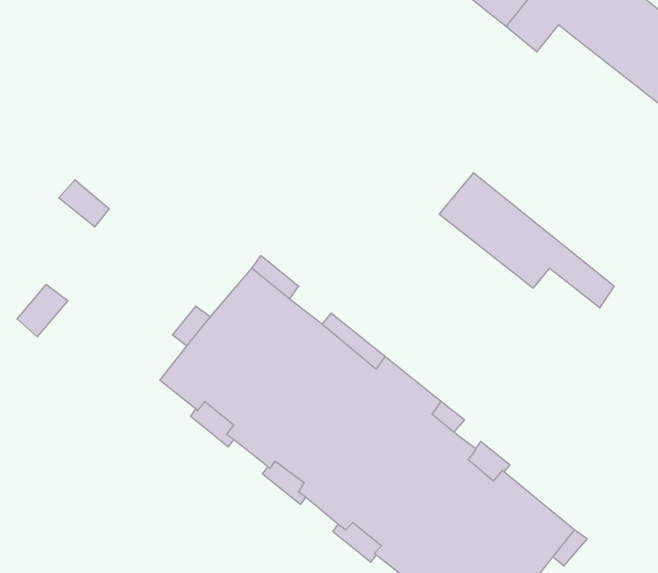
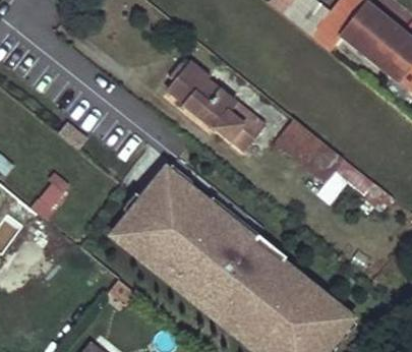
building: none -> [169,62,266,150]

